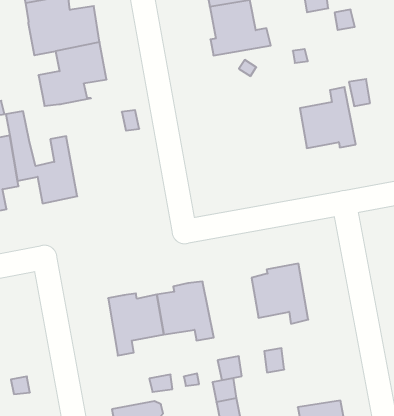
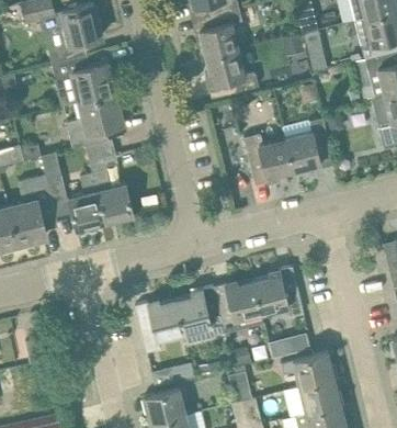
building: none -> [87,139,134,222]
building: none -> [243,134,294,184]
building: none -> [214,281,264,333]
building: none -> [281,351,334,386]

